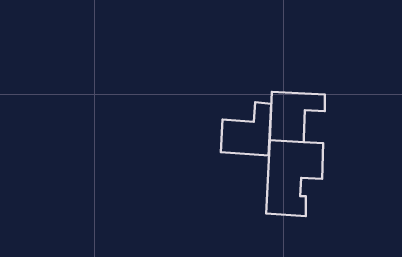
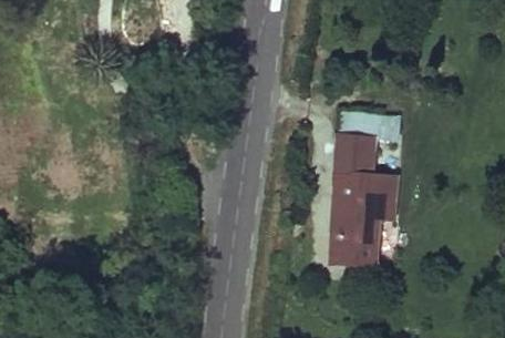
building: [221,102,271,155] -> none

